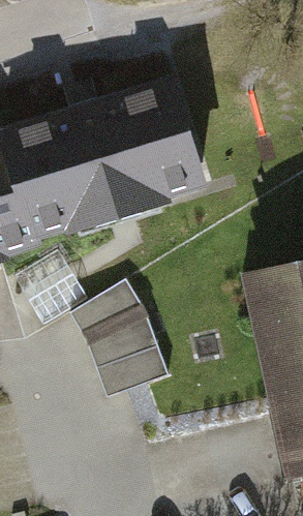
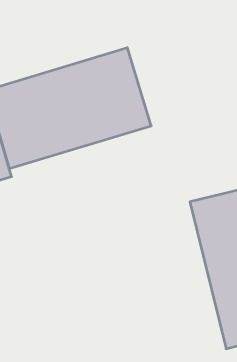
building: [87,274,178,389] -> none

